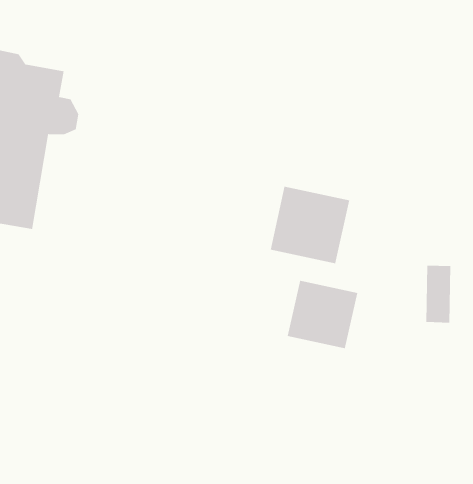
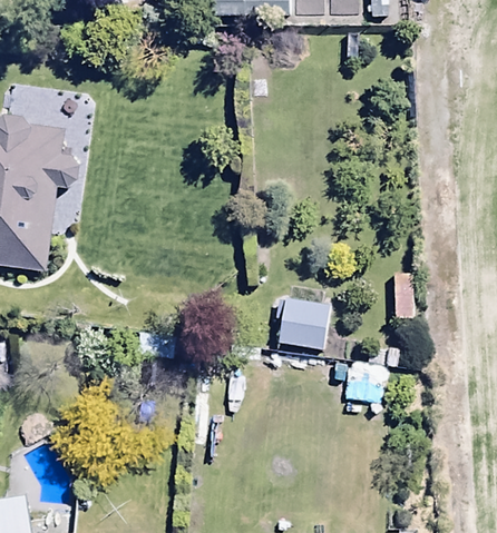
building: [270,186,350,264] -> none

